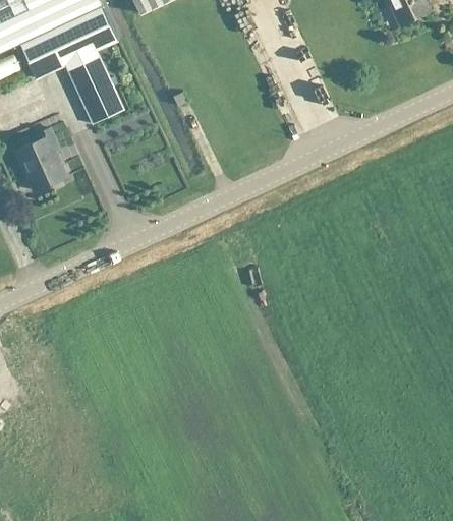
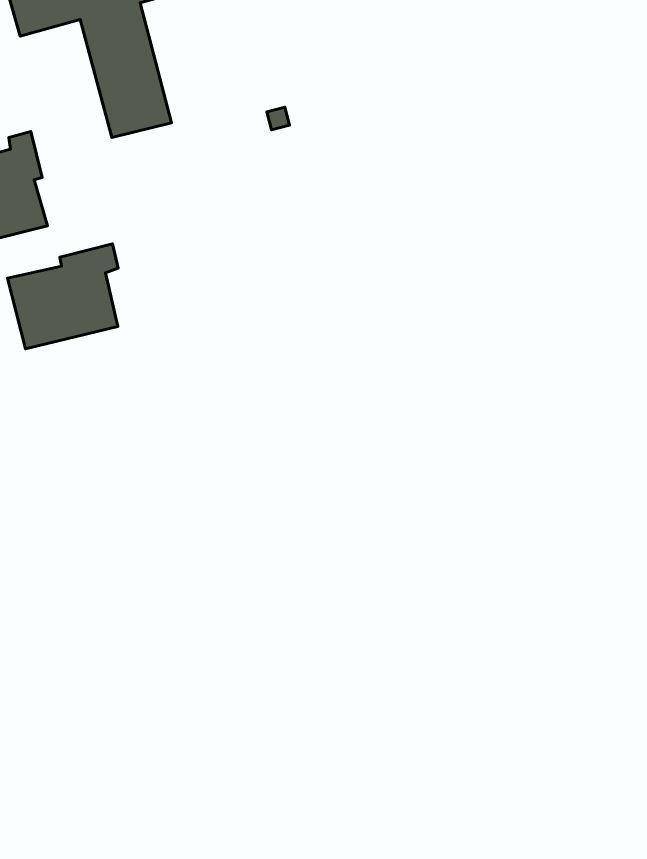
building: none -> [8,244,118,349]

